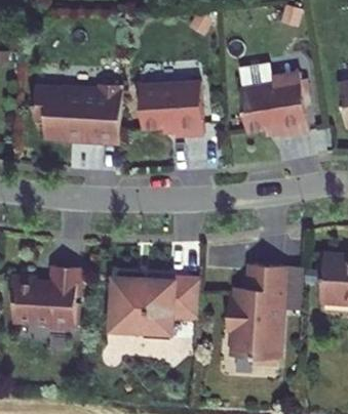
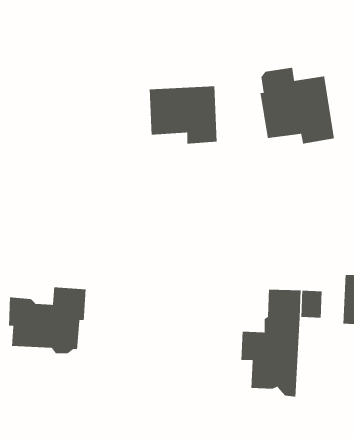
building: [32,82,121,143] -> none
building: [110,277,196,340] -> none

